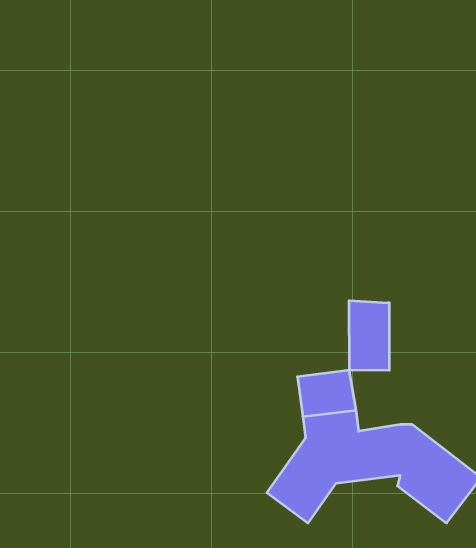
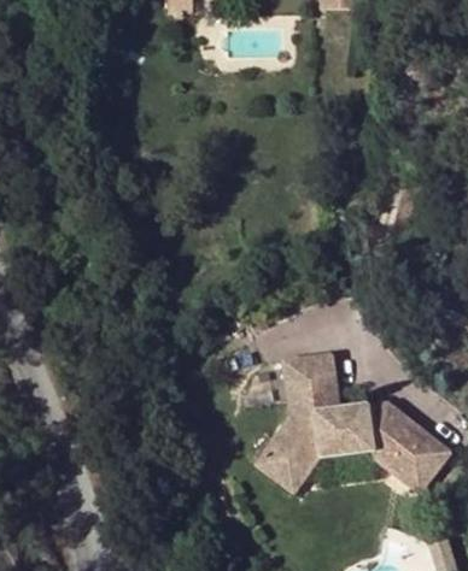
building: [349,301,389,370] -> none

